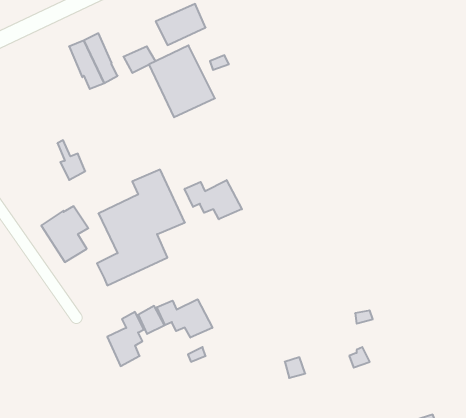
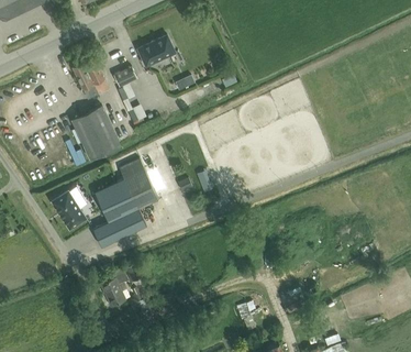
building: [149,45,215,117] -> [71,107,121,161]
building: [185,180,242,219] -> none
building: [157,299,212,338] -> none

